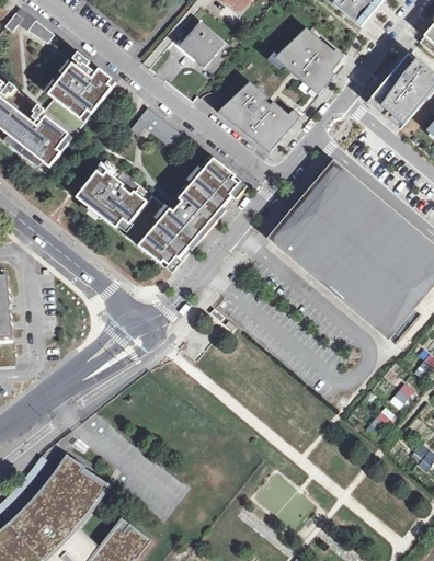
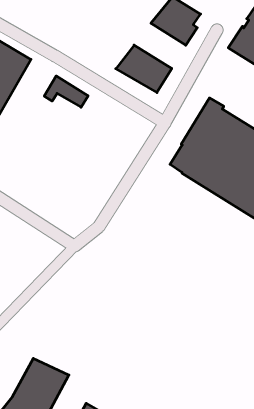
building: [182,27,221,69] -> none
building: [75,154,245,276] -> none

